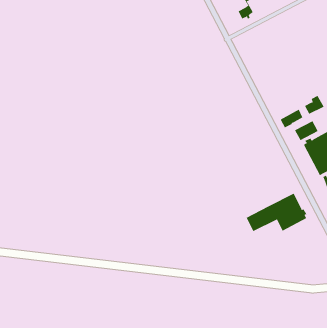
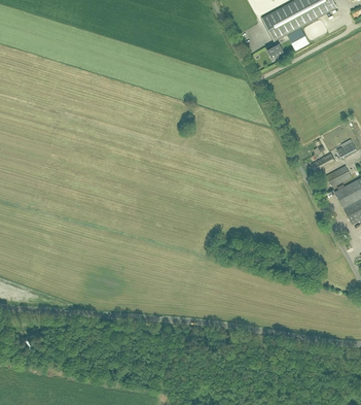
building: [246,193,307,232] -> none

